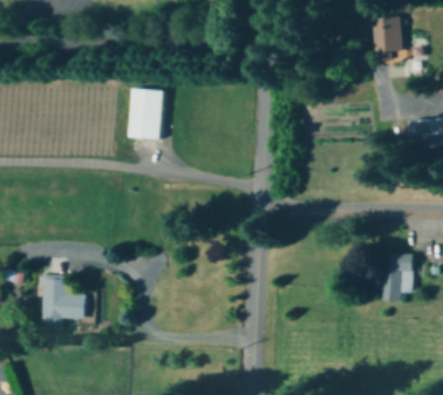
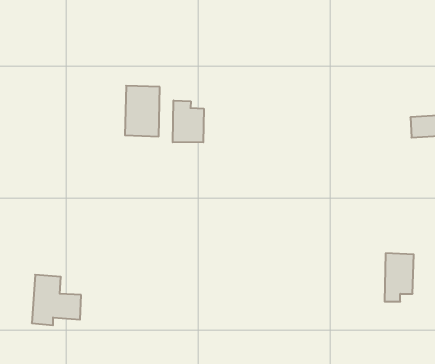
building: [373,19,402,53] -> none
building: none -> [173,100,204,142]

